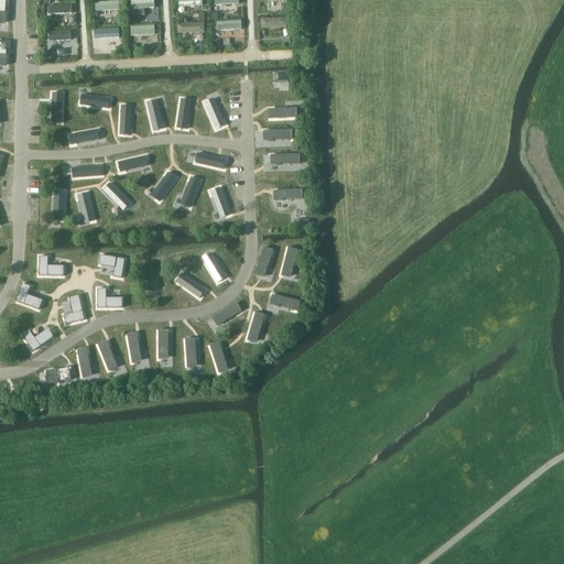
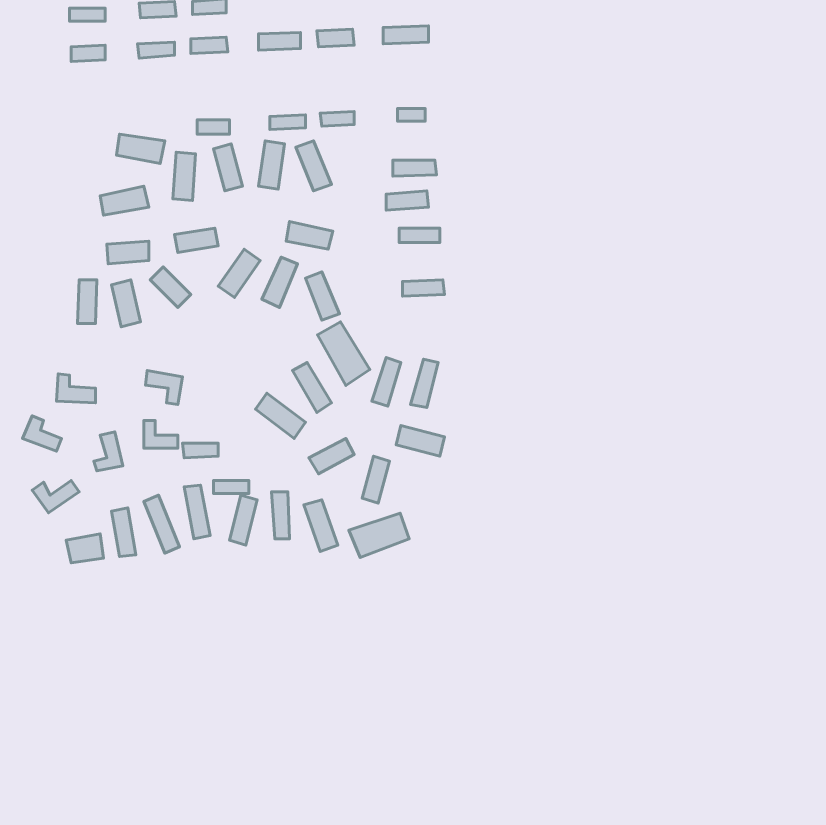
building: [48,90,65,124] -> none
building: none -> [318,322,370,385]
building: none -> [349,513,409,558]

